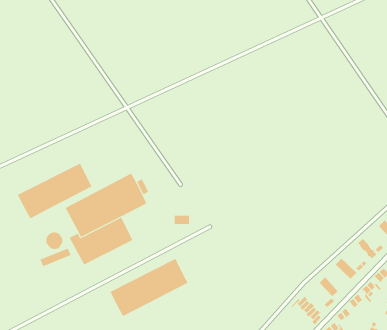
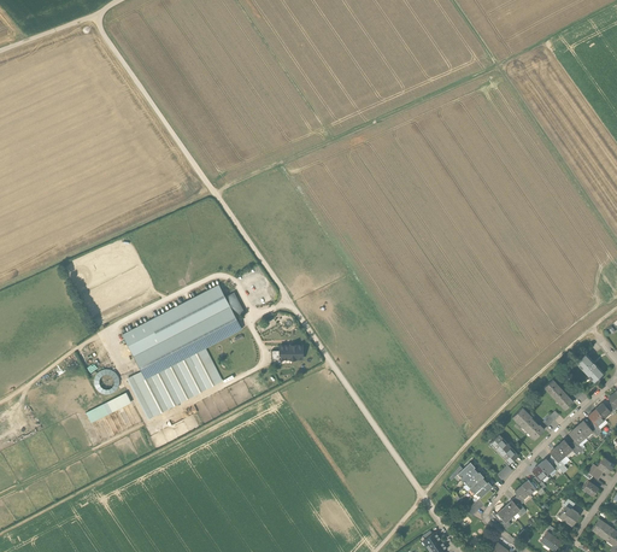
building: [17,163,92,219] -> none
building: [110,258,188,317] -> none

